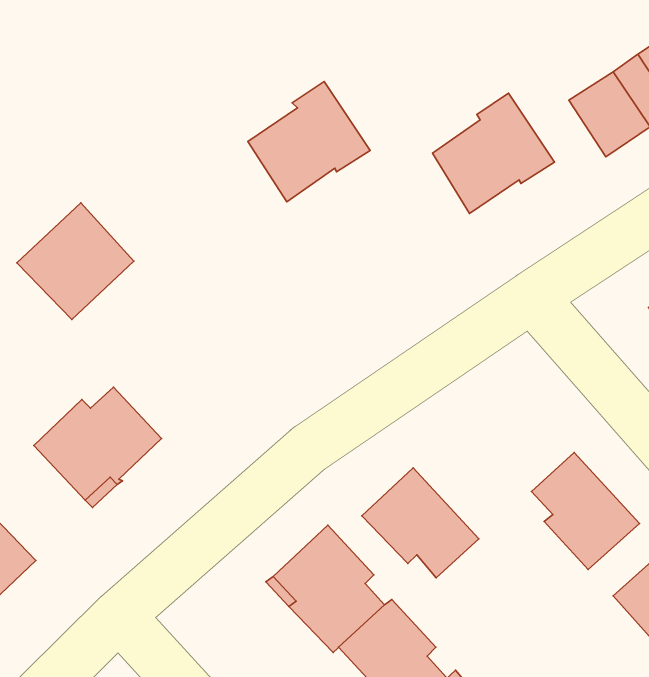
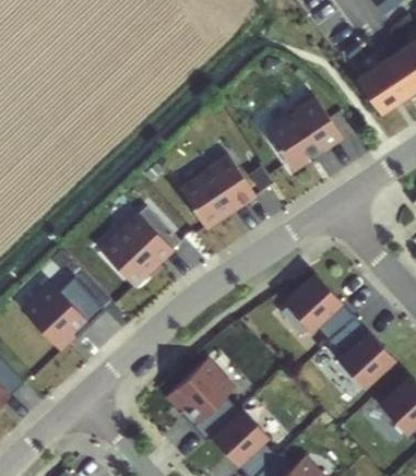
building: [248,81,370,202] -> [182,151,258,225]
building: [17,203,134,320] -> [102,211,174,283]
building: [362,468,479,578] -> [285,271,357,338]

